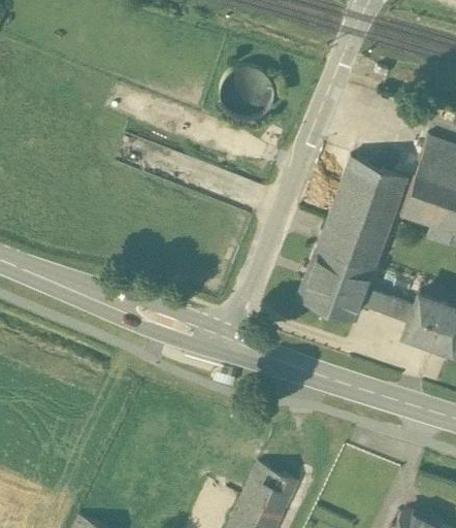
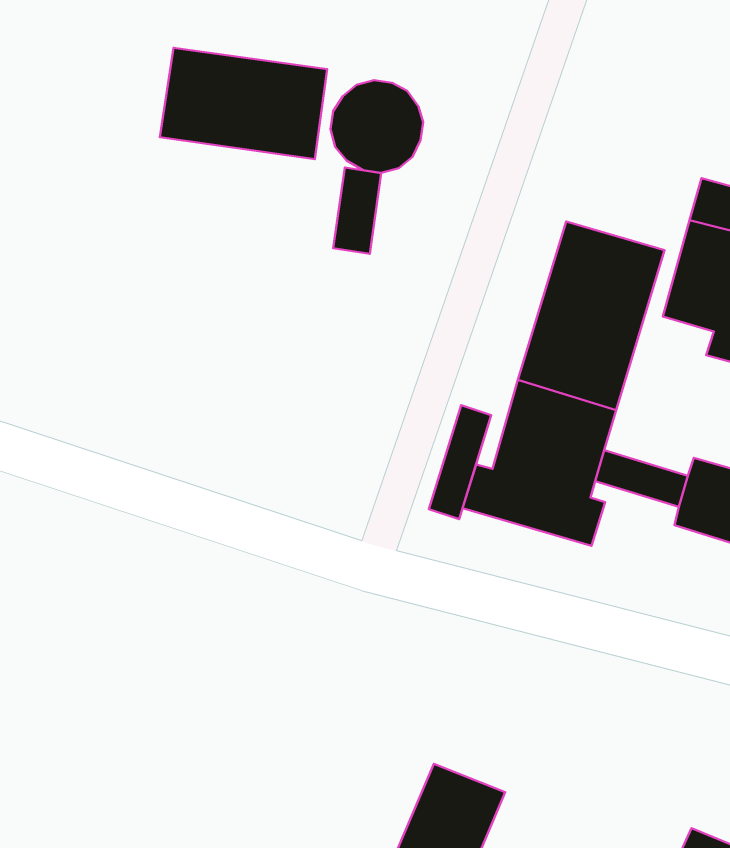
building: none -> [160,48,327,159]
building: none -> [333,167,381,254]
building: none -> [429,405,491,519]

